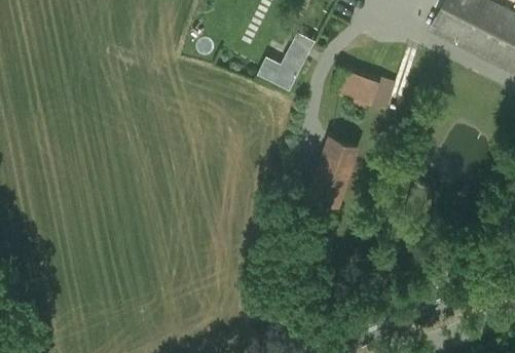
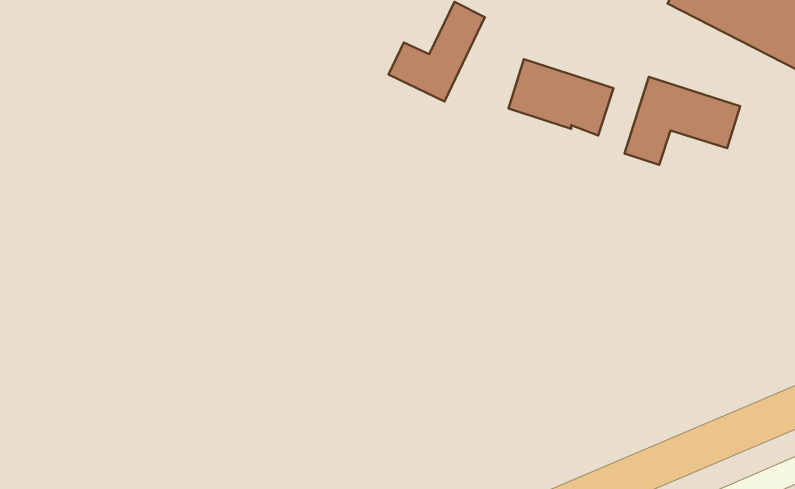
building: none -> [625,77,740,165]
building: [310,131,365,198] -> none

